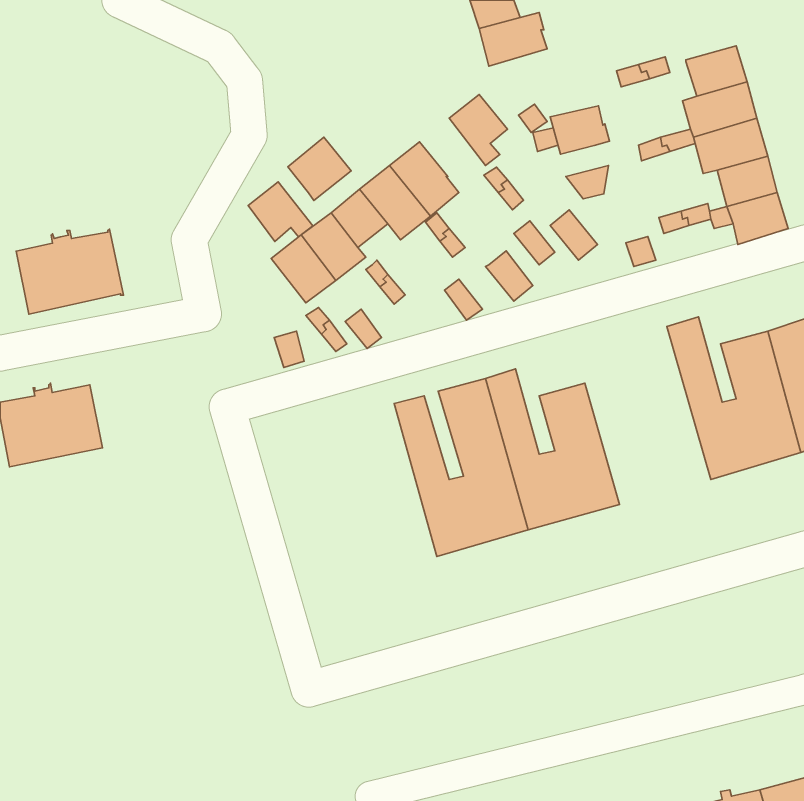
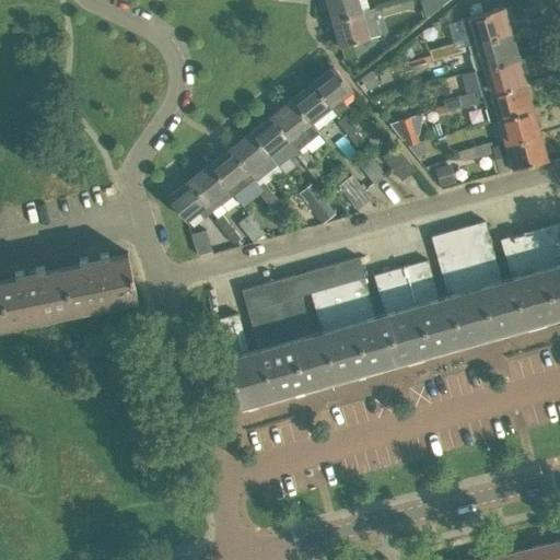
building: none -> [460,10,512,48]
building: [550,106,609,154] -> none
building: none -> [292,85,338,126]
building: [288,137,351,201] -> none
building: [248,182,313,242] -> [168,183,213,224]
building: [16,229,124,314] -> [63,255,138,314]
building: none -> [407,230,494,353]
building: none -> [217,283,304,407]

